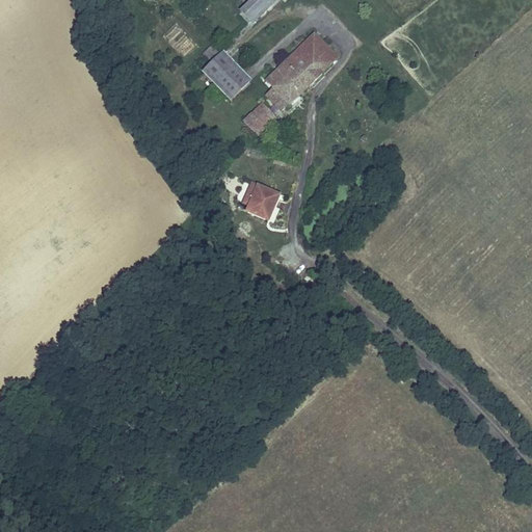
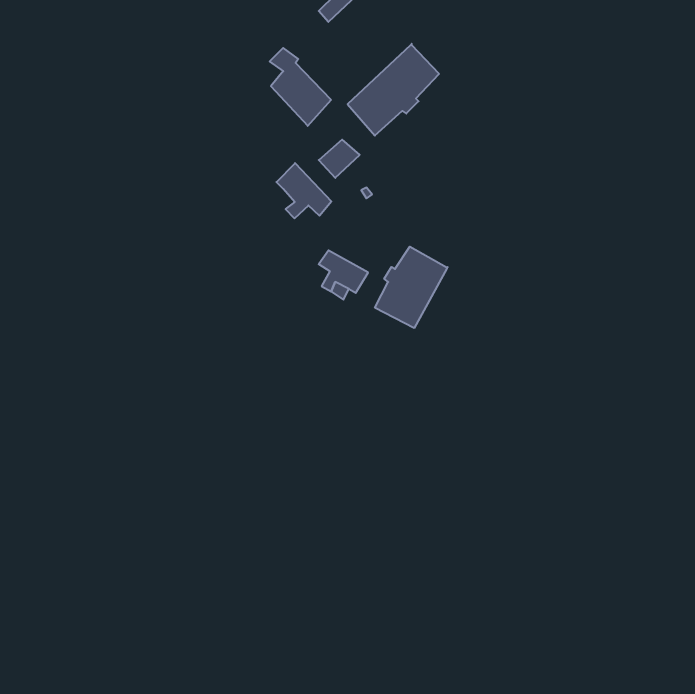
building: none -> [276,163,331,218]
building: none -> [375,247,448,328]

